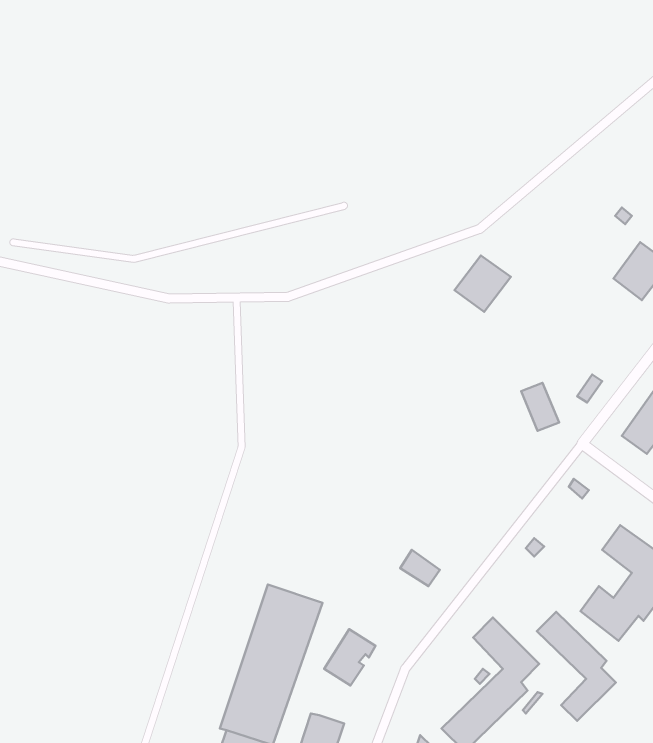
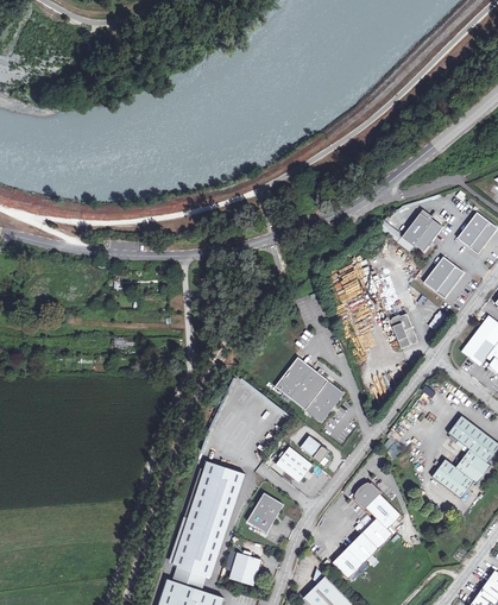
building: [454,255,511,312] -> [401,213,441,253]
building: none -> [422,258,462,300]
building: none -> [276,358,346,423]
building: none -> [276,446,314,483]
building: [537,612,616,721] -> none

